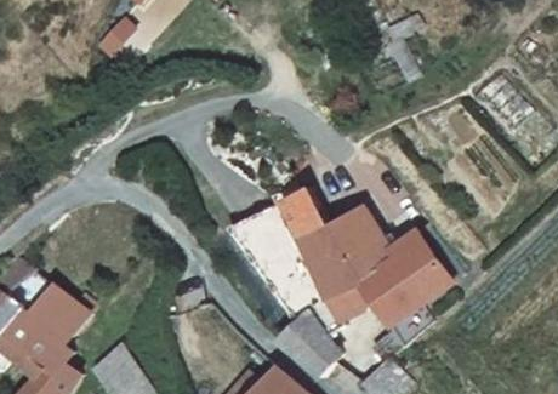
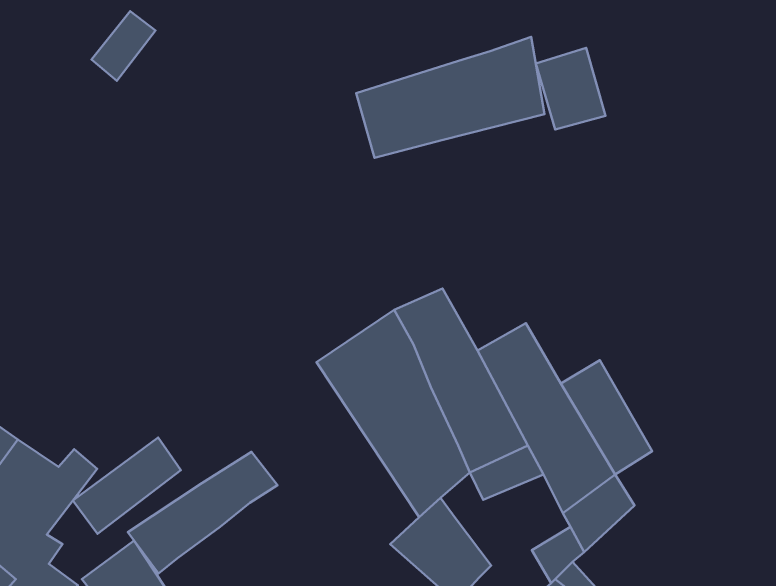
building: none -> [356,37,545,158]
building: none -> [73,438,181,534]
building: none -> [128,452,277,573]

